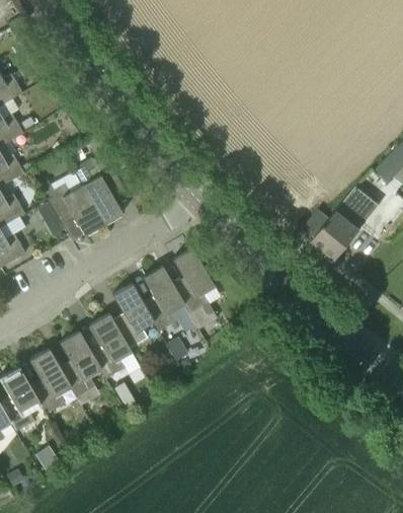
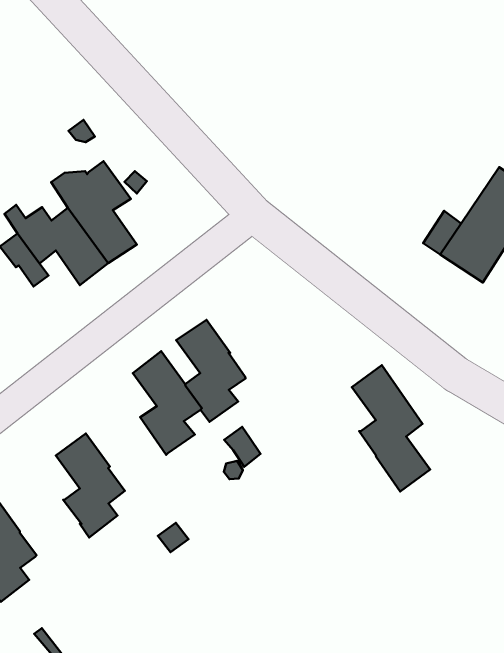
building: [171,247,216,328] -> [352,365,430,491]
building: [88,313,131,378] -> none
building: [27,349,70,414] -> none

